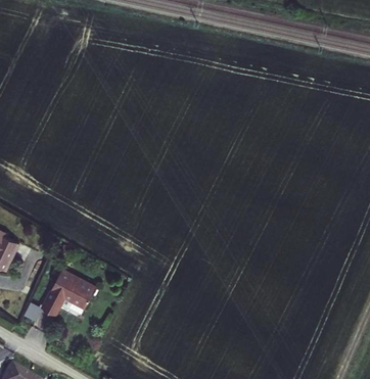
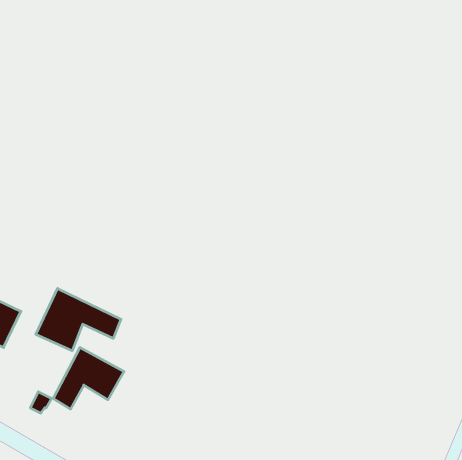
building: none -> [36,288,121,351]

